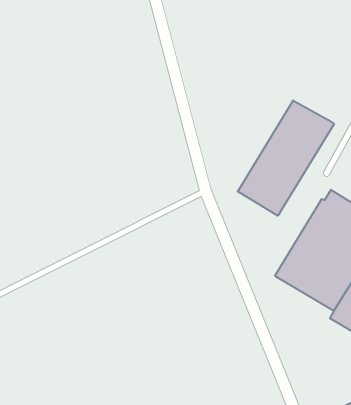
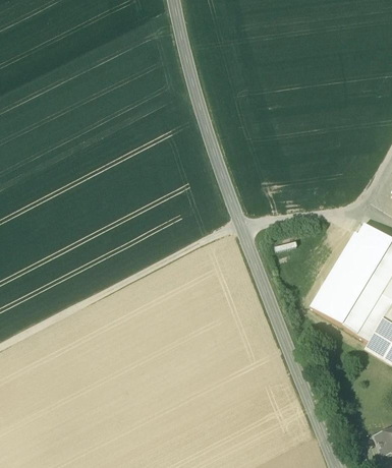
building: [238,100,334,216] -> none

